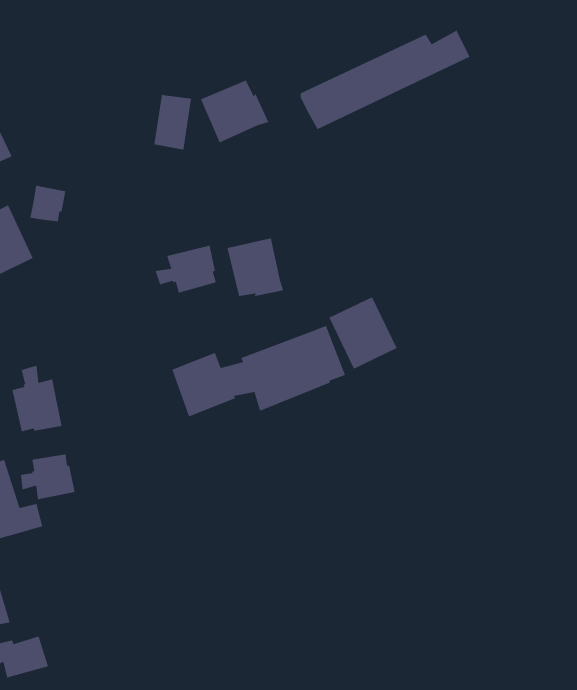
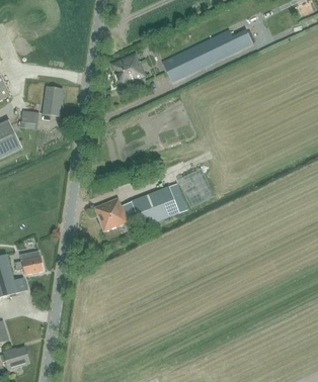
building: [154,95,192,150] -> [42,86,62,115]
building: [227,237,284,297] -> none
building: [155,245,217,293] -> none
building: [12,365,62,432] -> none

